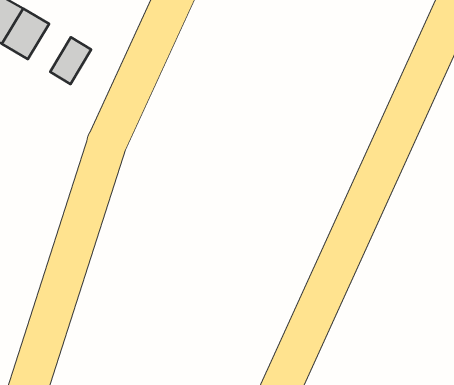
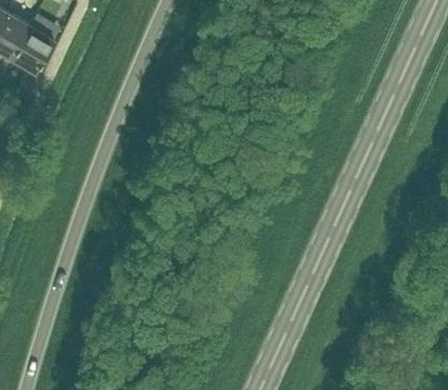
building: [50,37,91,84] -> none

